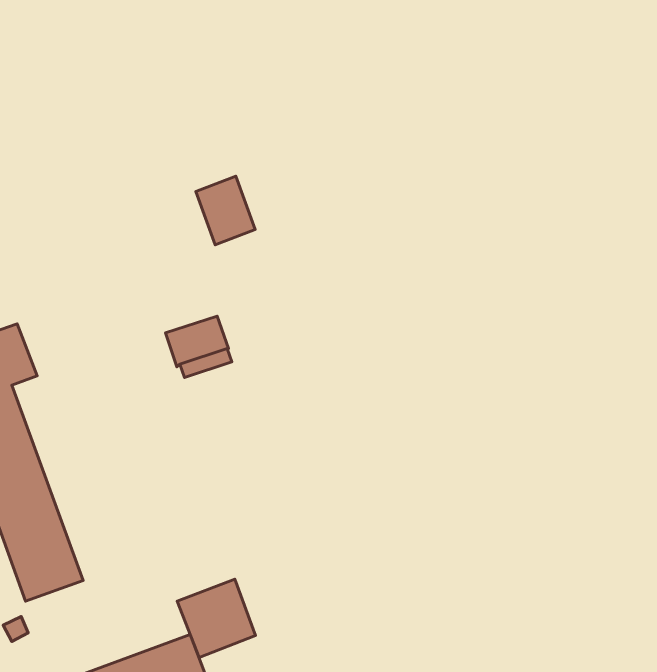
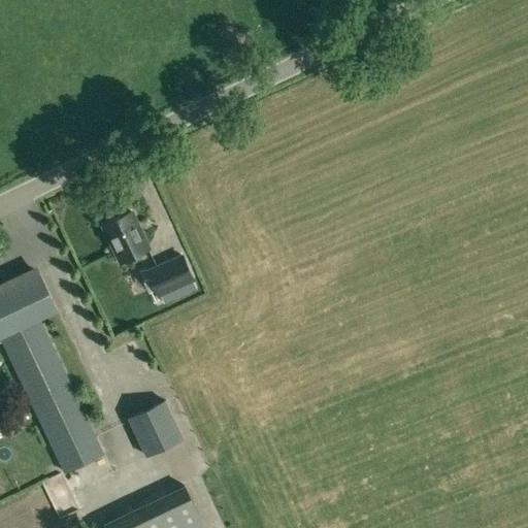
building: [196,176,255,245] -> [103,213,148,264]
building: [177,579,256,658] -> [126,400,185,459]

